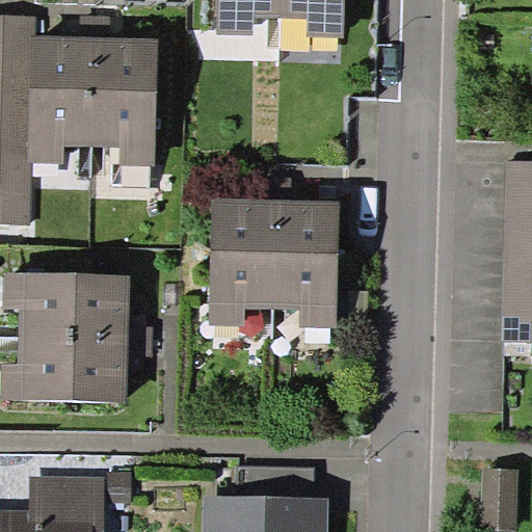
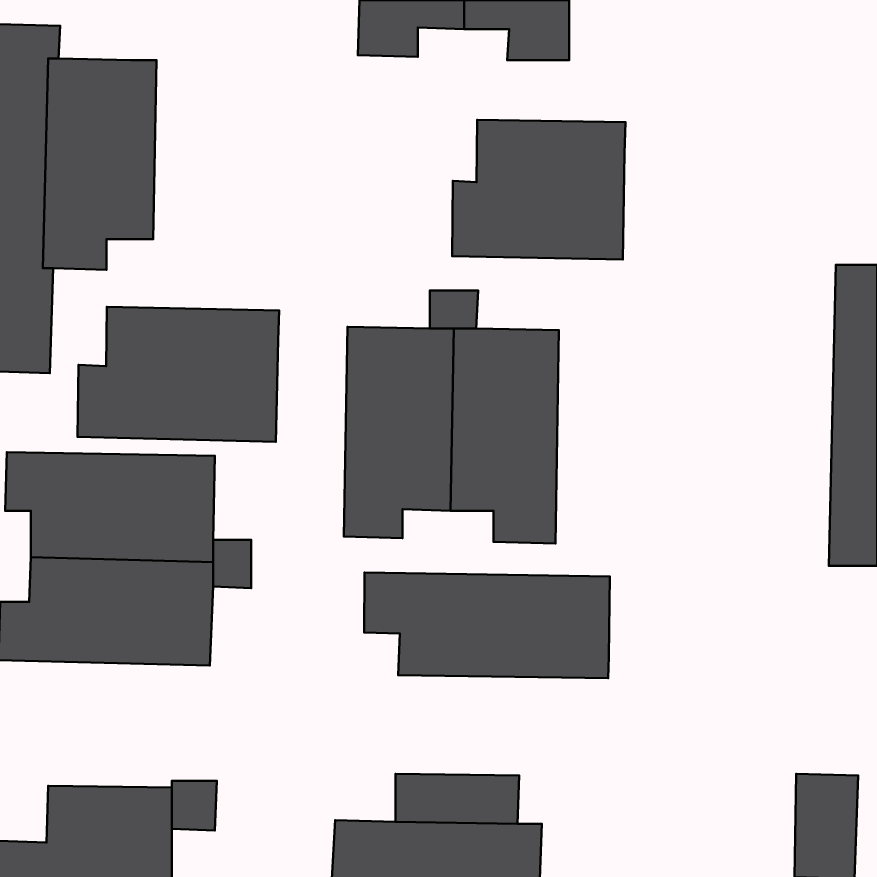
building: [92,37,158,166] -> none
building: none -> [452,120,625,259]
building: none -> [77,307,279,442]
building: none -> [364,573,610,678]

